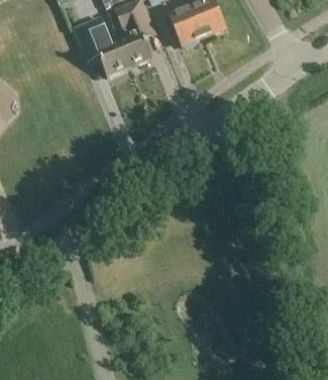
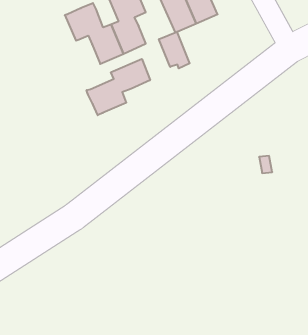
building: none -> [159,32,190,68]
building: none -> [87,59,150,115]

